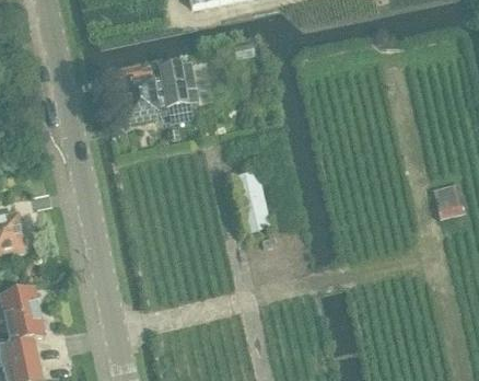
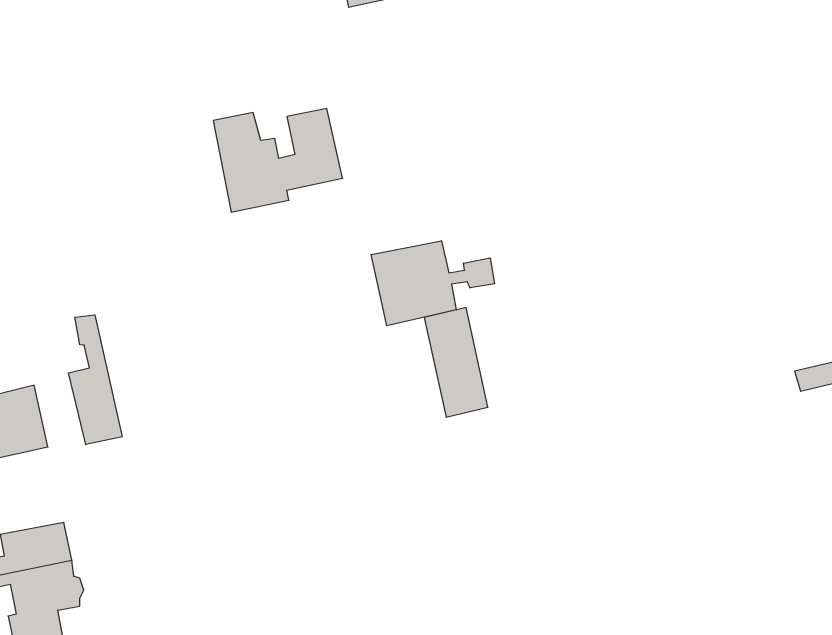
building: none -> [371,241,495,326]
building: none -> [69,315,122,445]

